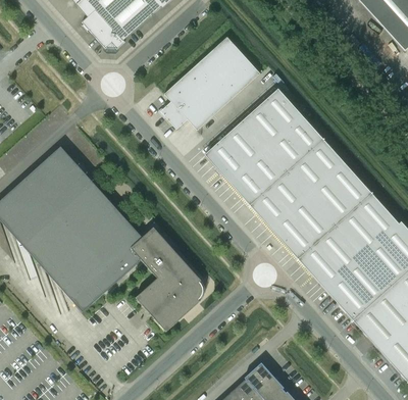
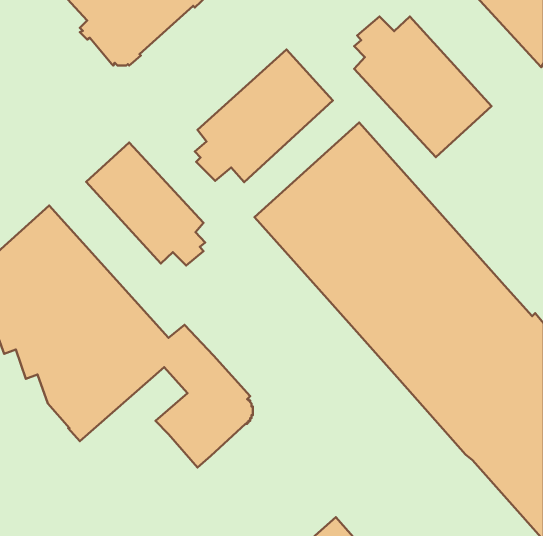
building: none -> [354,17,492,157]
building: none -> [86,142,205,266]

